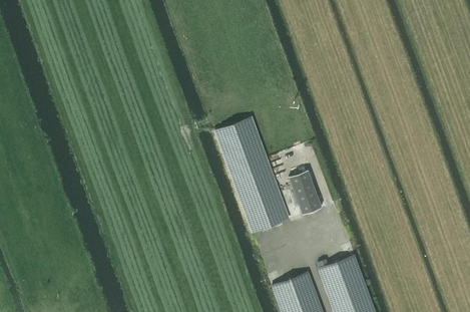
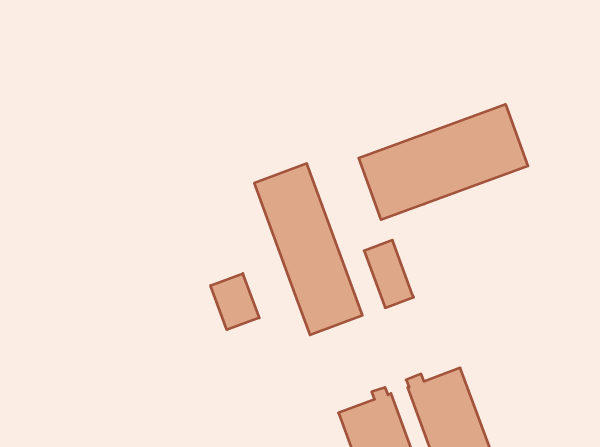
building: none -> [359,104,528,220]
building: none -> [211,273,259,330]

